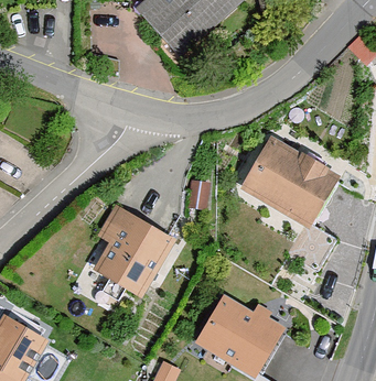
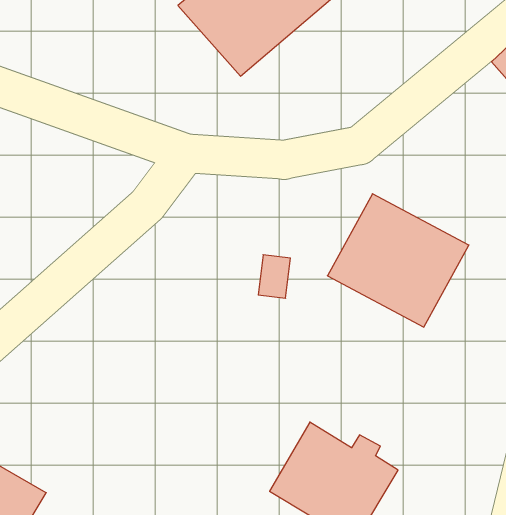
building: [89,207,170,300] -> none

